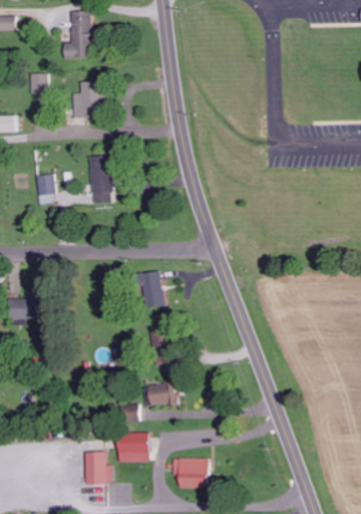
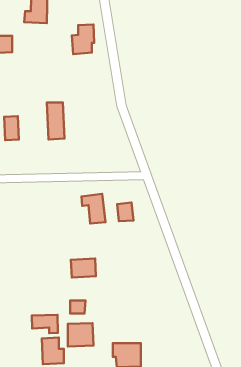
building: [71,79,99,116] -> [72,24,94,54]
building: none -> [117,203,133,221]
building: [147,381,178,406] -> [71,258,96,278]
building: none -> [32,315,58,333]

